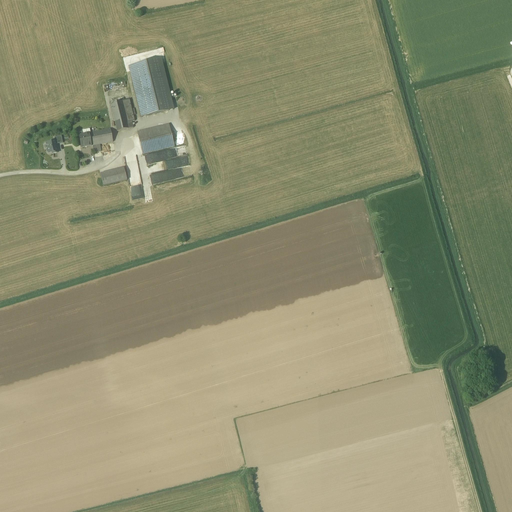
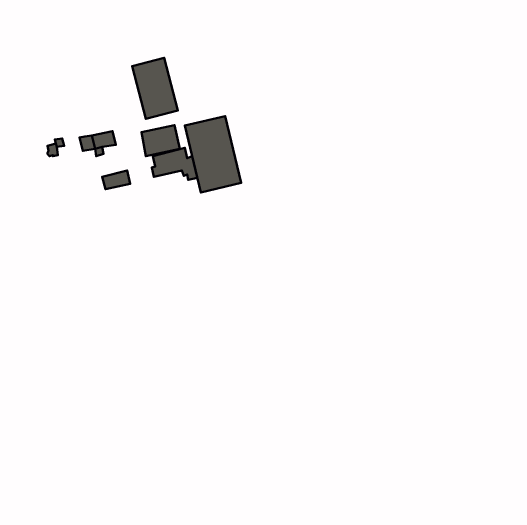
building: [109,97,135,130] -> none
building: none -> [185,116,241,192]

